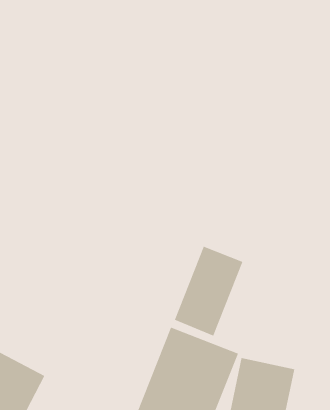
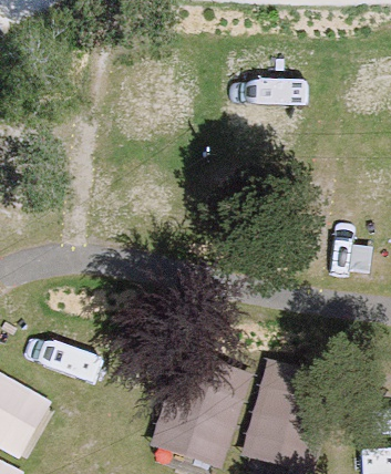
building: [174,246,243,337] -> none

